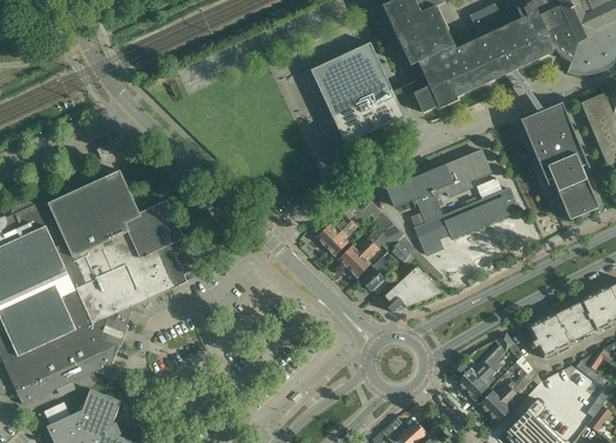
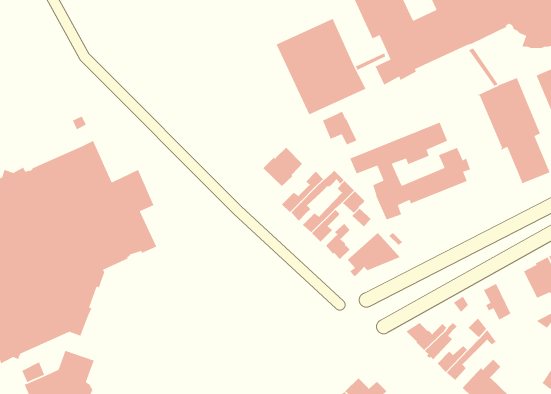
building: none -> [322,110,357,145]
building: none -> [262,147,303,187]
building: [541,307,584,352] -> none

